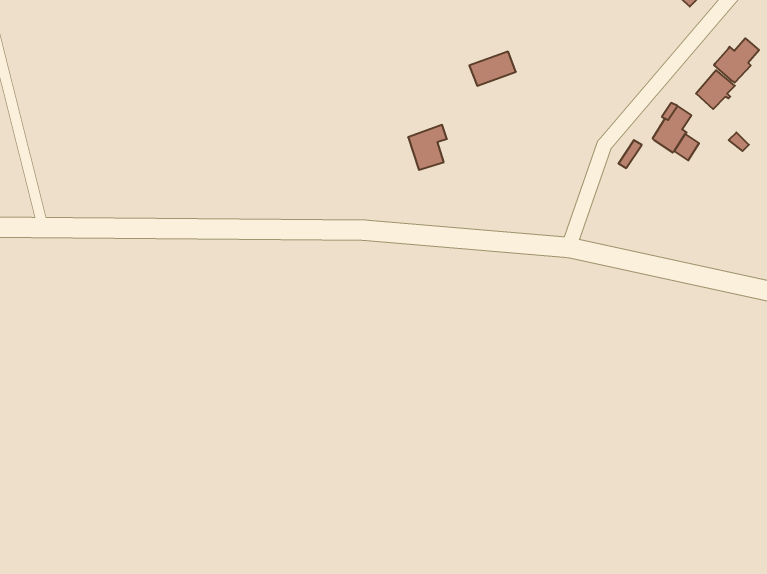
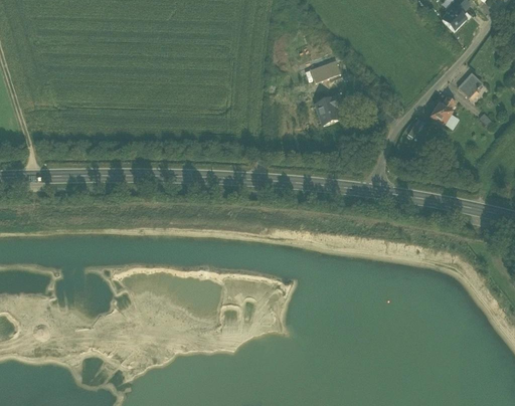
building: [714,38,759,83] -> none
building: [408,125,447,170] -> [316,94,341,124]

